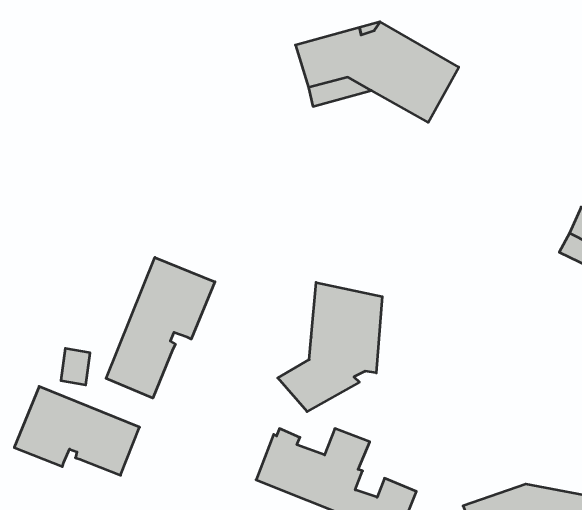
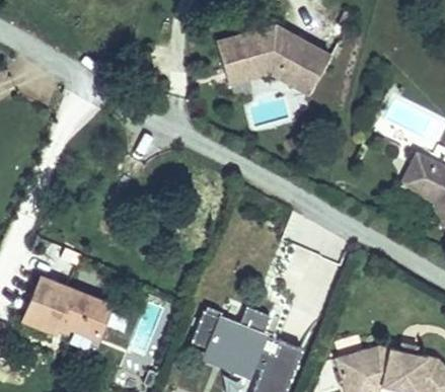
building: [106,257,215,398] -> none
building: [278,282,382,412] -> none

